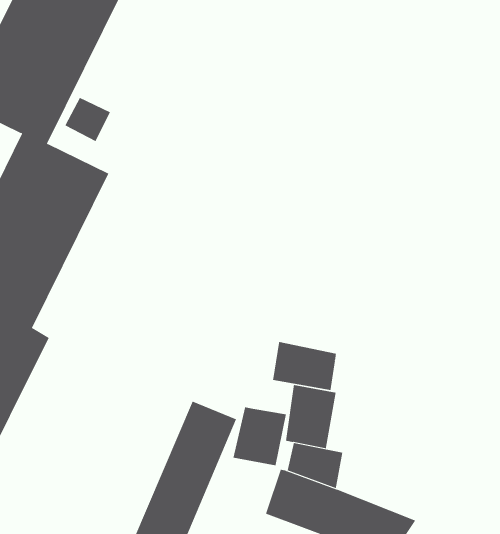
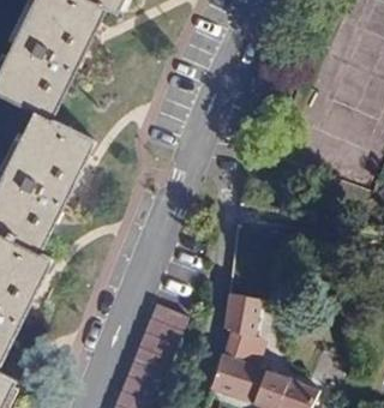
building: [272,341,337,391] -> none
building: [233,407,286,466] -> none

